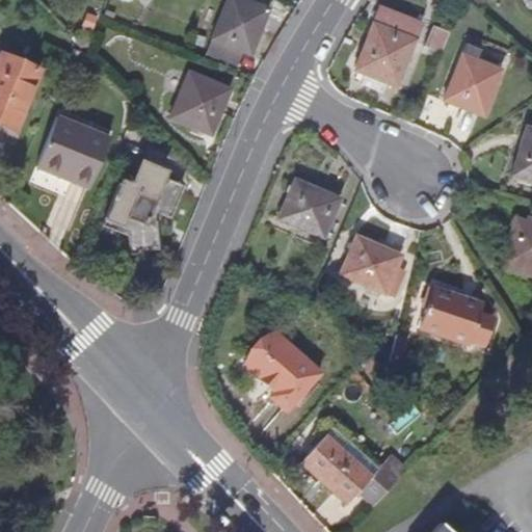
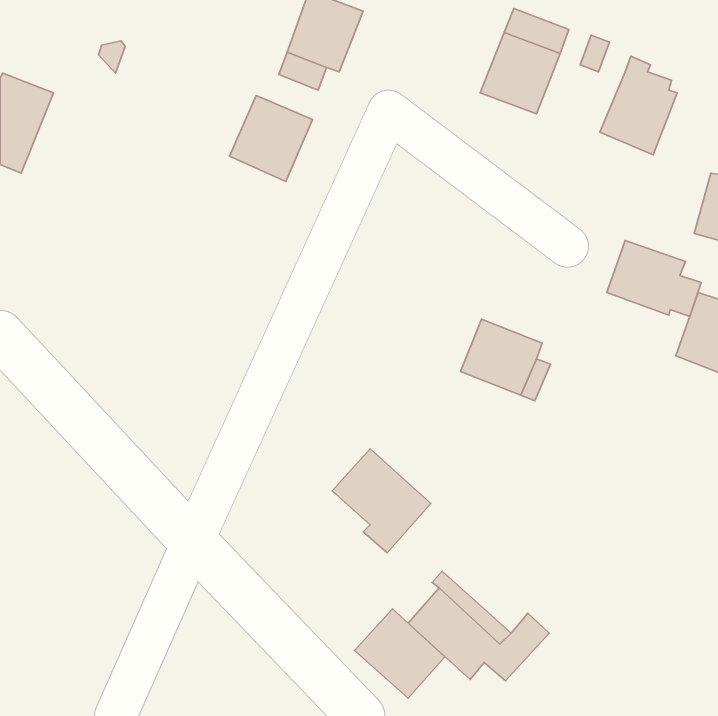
building: [37,115,110,186] -> none
building: [104,168,184,255] -> none
building: [278,179,340,236] -> none
building: [422,288,491,344] -> [607,240,701,316]
building: none -> [355,609,445,698]

